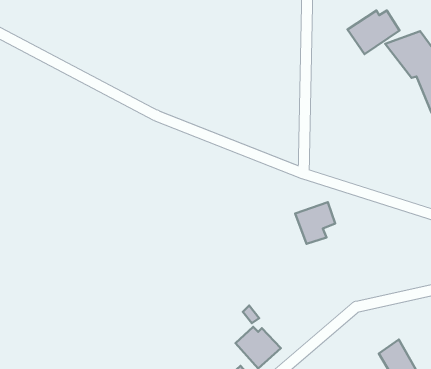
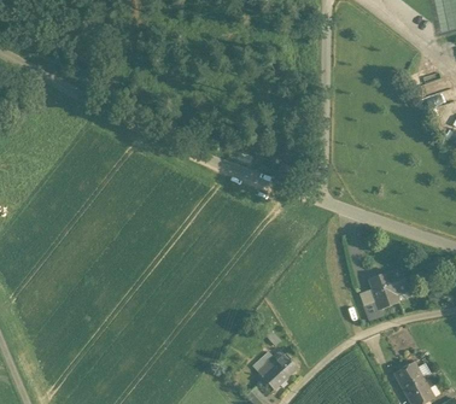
building: [348,11,399,54] -> none
building: [295,202,335,244] -> [367,268,405,308]

